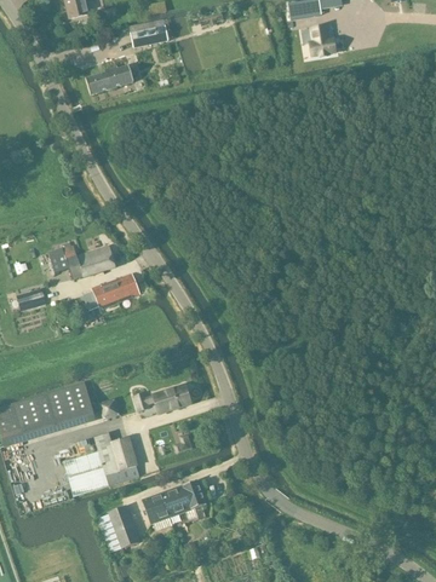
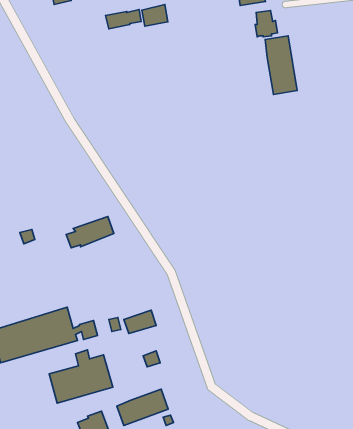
building: none -> [142,5,168,26]
building: none -> [265,36,297,95]
building: [86,64,134,93] -> none
building: [48,243,116,278] -> none

